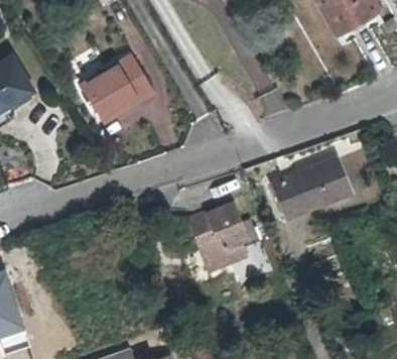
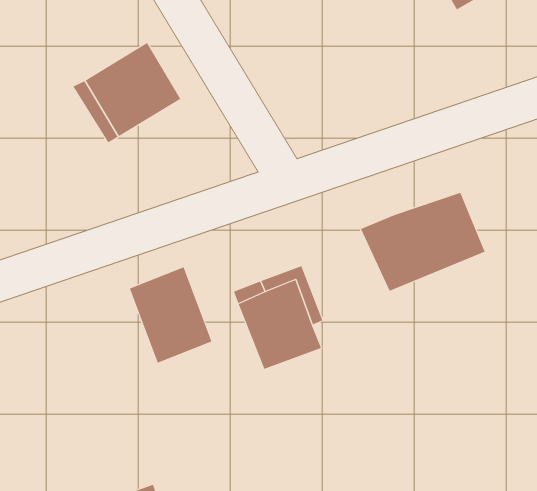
building: none -> [129,267,212,364]

